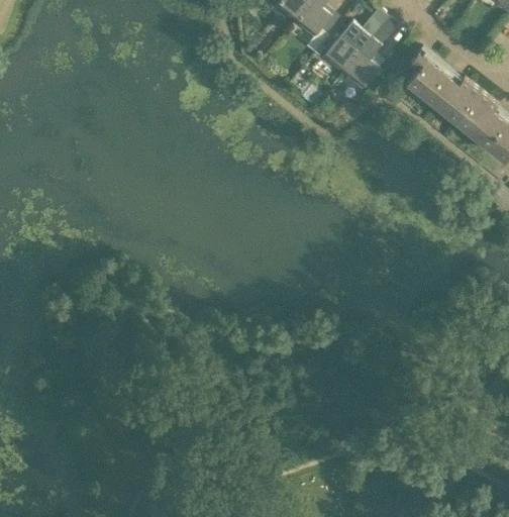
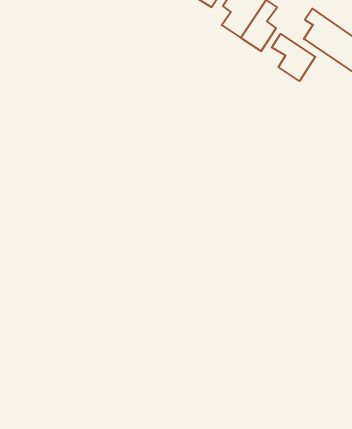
building: none -> [272,34,315,81]

